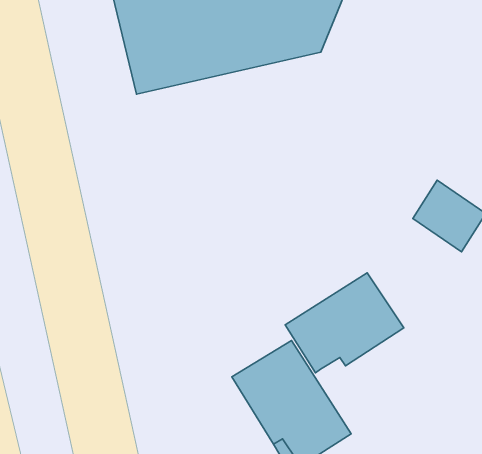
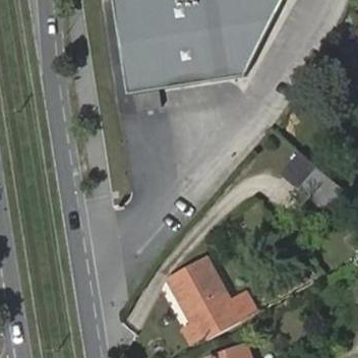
building: [285,273,404,373] -> none

